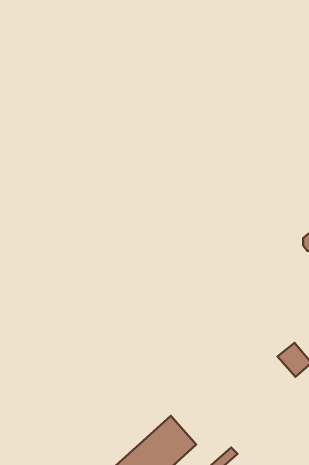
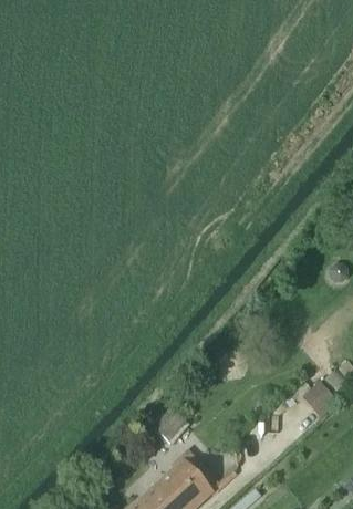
building: none -> [153,409,188,445]

